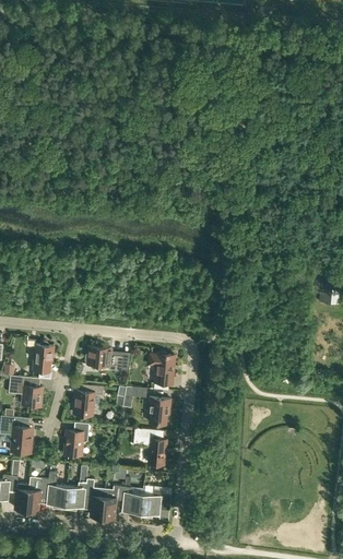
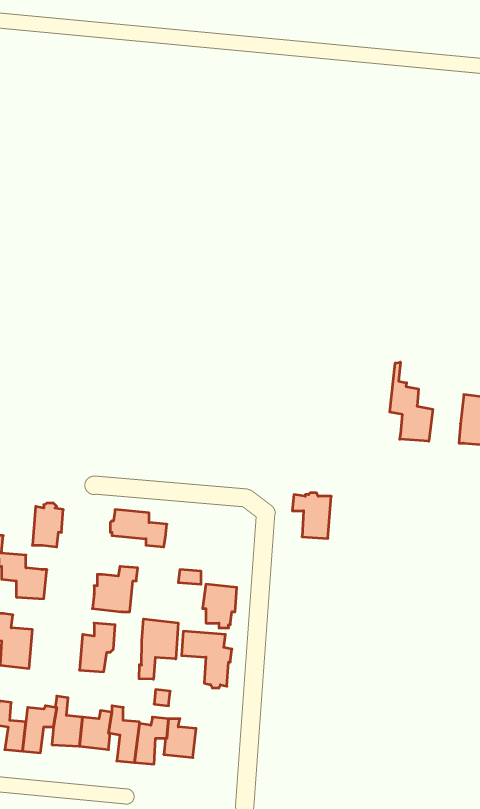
building: none -> [390,362,433,441]
building: [149,354,175,384] -> [292,493,331,538]
building: none -> [139,619,178,679]
building: [141,490,170,516] -> none

